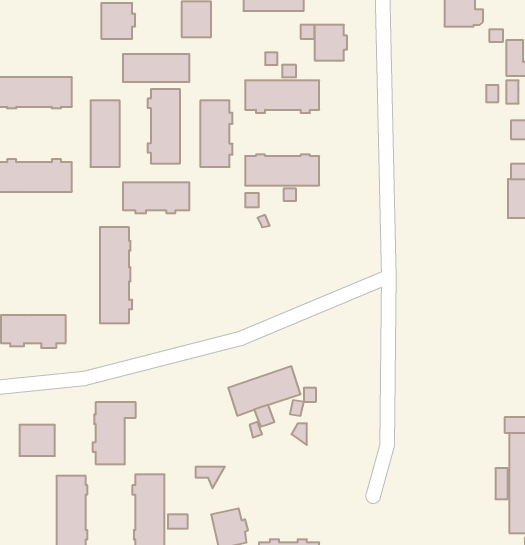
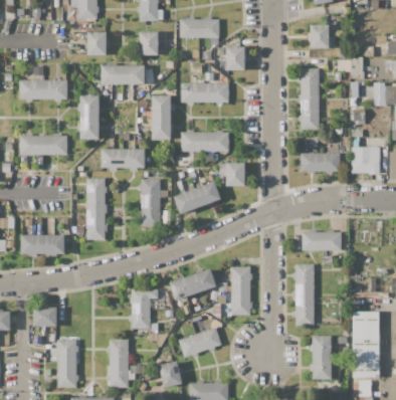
building: none -> [299,68,320,132]
building: [148,89,180,163] -> [140,179,161,227]
building: none -> [301,153,341,173]
building: none -> [220,163,247,186]
building: none -> [174,181,221,214]
building: none -> [303,230,342,249]
building: none -> [294,263,315,326]
building: none -> [231,266,252,315]
building: [93,402,136,464] -> [130,288,158,329]
building: none -> [179,327,222,357]
building: none -> [313,336,332,379]

